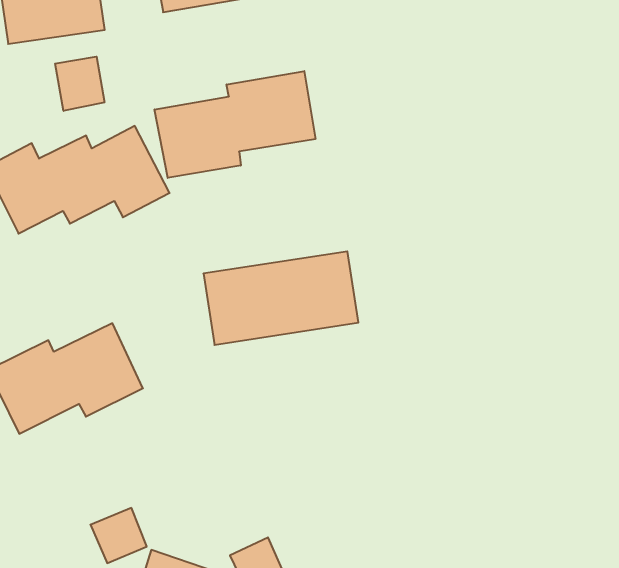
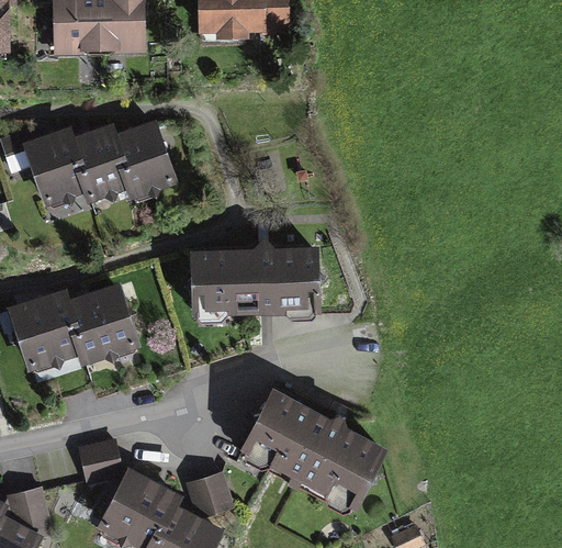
building: [55,57,104,111] -> none
building: [155,71,315,178] -> none
building: none -> [245,392,383,503]

